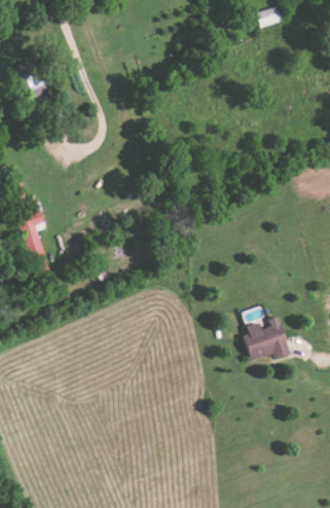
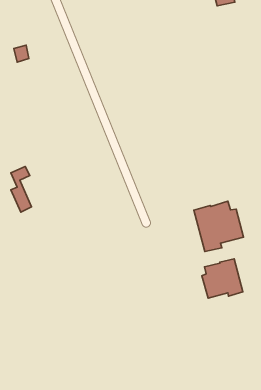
building: none -> [194,201,243,252]

